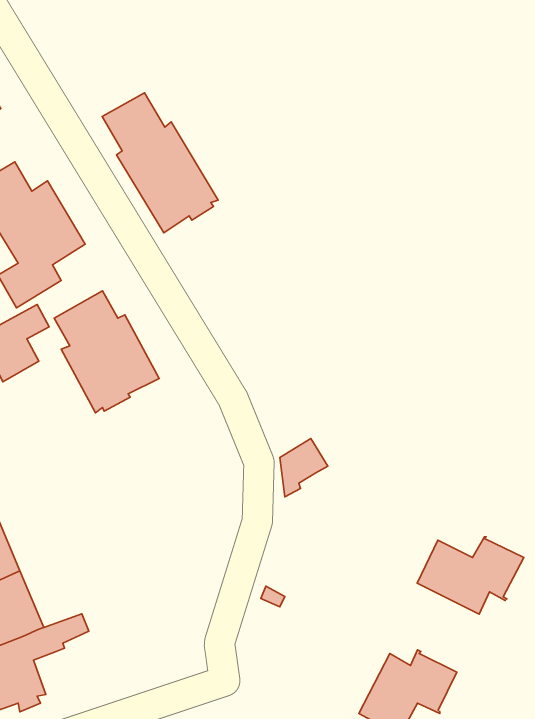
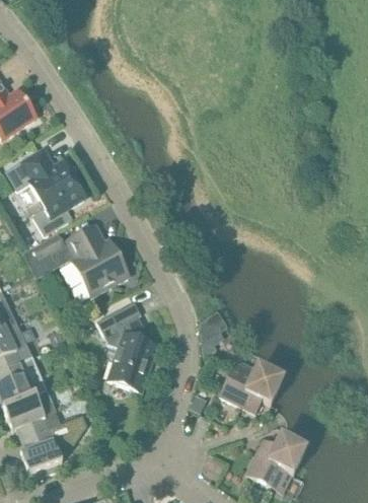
building: [102,93,218,233] -> none
building: none -> [95,299,153,389]
building: [417,537,524,614] -> [218,366,281,412]

